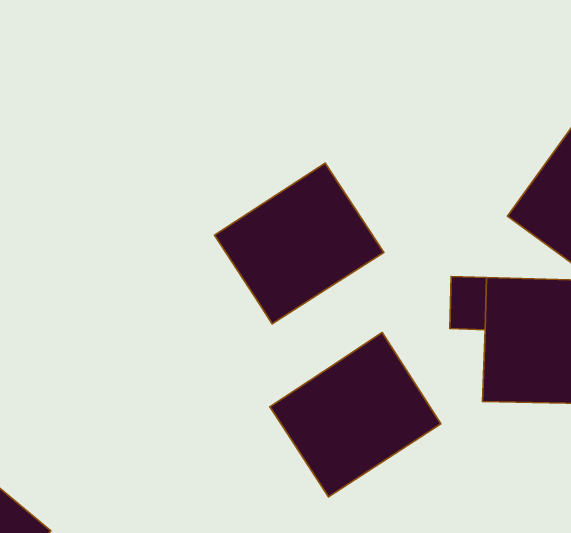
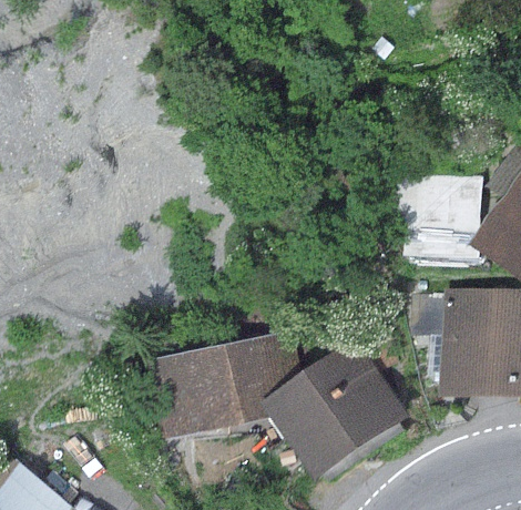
building: [215,163,384,324] -> none
building: none -> [150,330,307,438]

